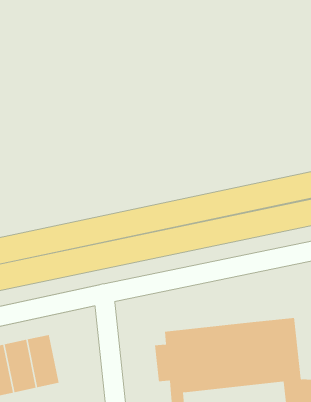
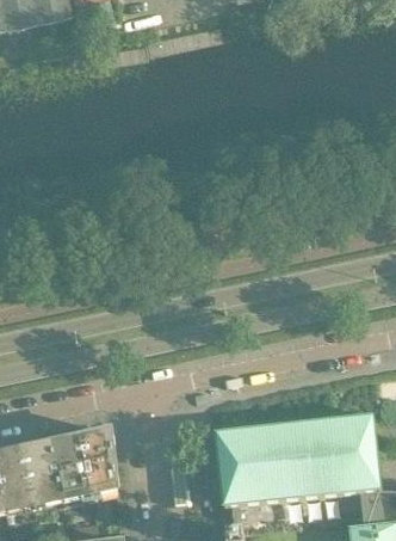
building: none -> [78,426,119,491]

